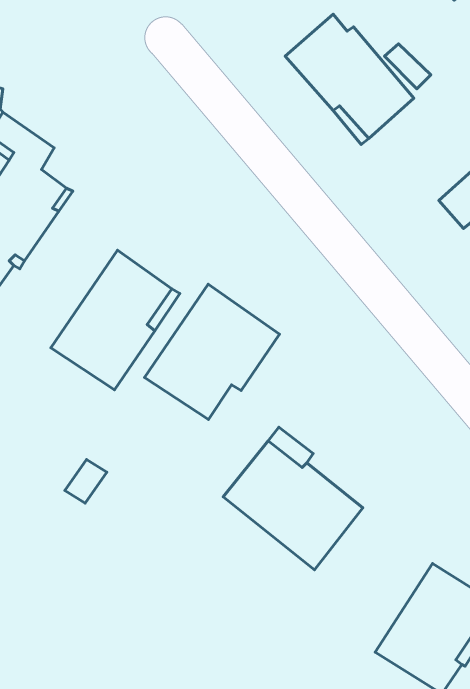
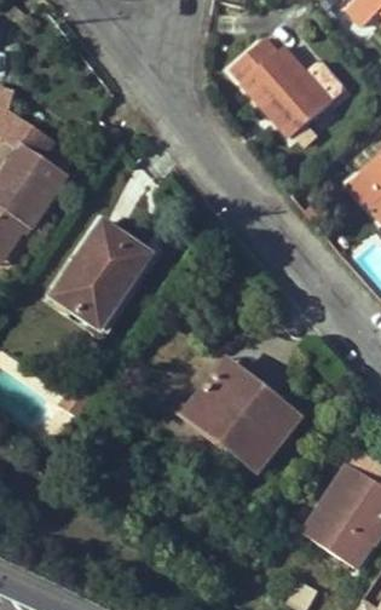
building: [145,284,280,419] -> none

